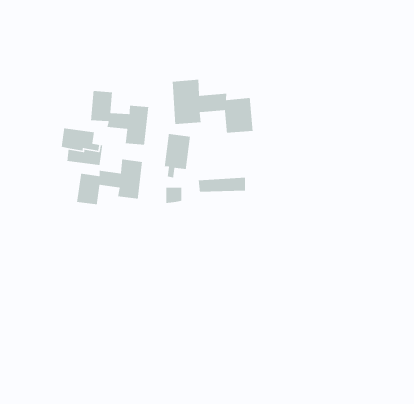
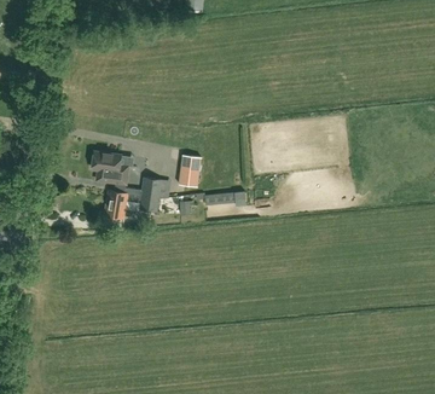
building: [172,79,254,134] -> none
building: [90,90,149,146] -> none

